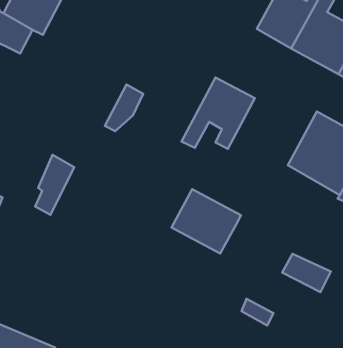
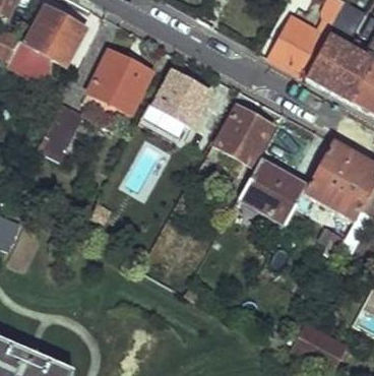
building: none -> [87,48,152,111]
building: none -> [152,69,210,125]
building: [35,155,74,215] -> [45,102,83,161]
building: [172,189,241,253] -> [239,160,307,223]
building: [282,254,331,292] -> [297,327,345,365]

